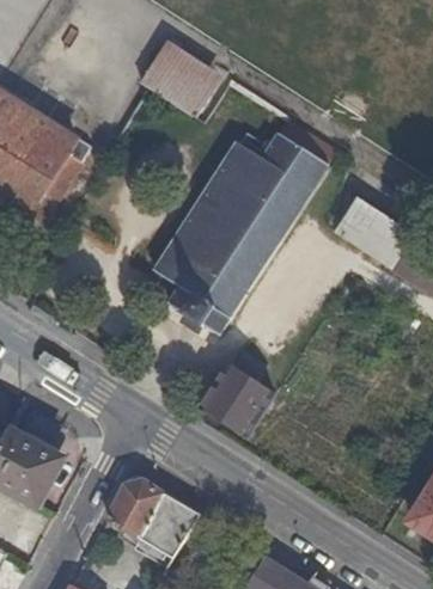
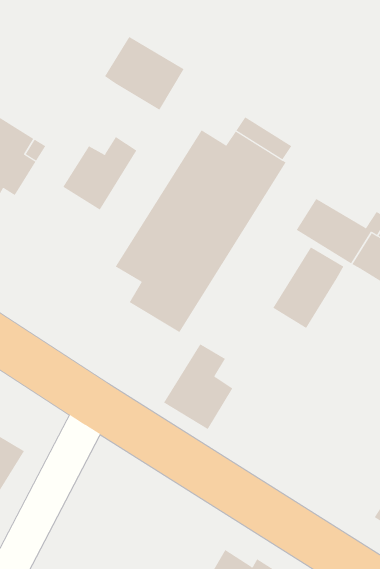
building: none -> [63,136,137,211]
building: none -> [273,246,344,329]
building: [106,480,202,557] -> none

